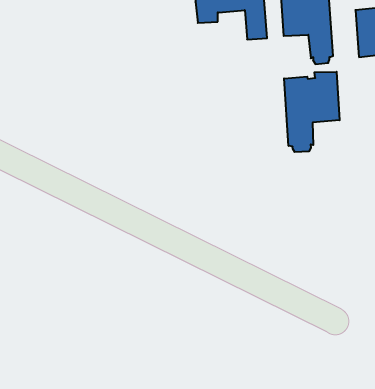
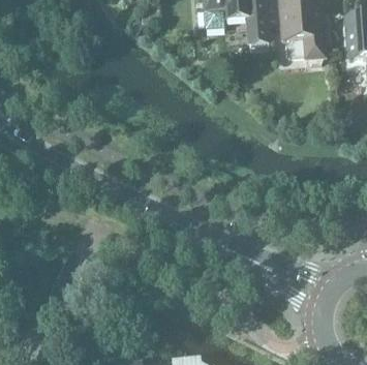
building: [284,72,340,152] -> none

